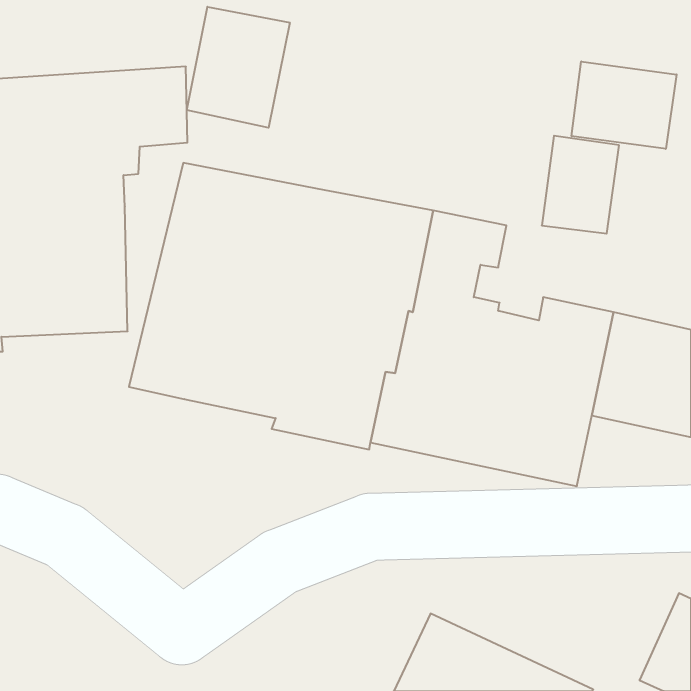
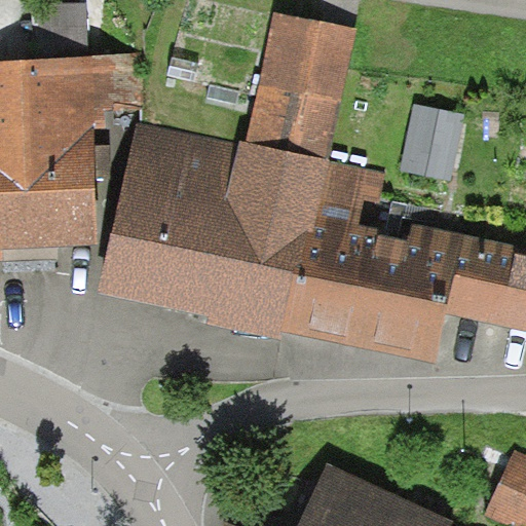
building: [187,7,290,128] -> none
building: none -> [246,11,355,159]
building: [572,61,677,149] -> none

